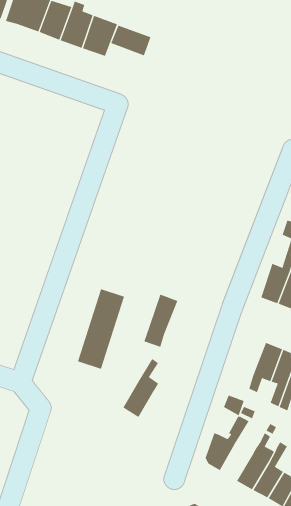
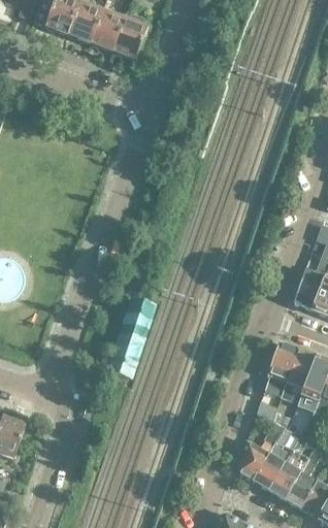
building: [110,25,151,56] -> none
building: [144,294,178,347] -> [265,342,300,397]
building: [122,358,159,418] -> [254,430,291,491]

